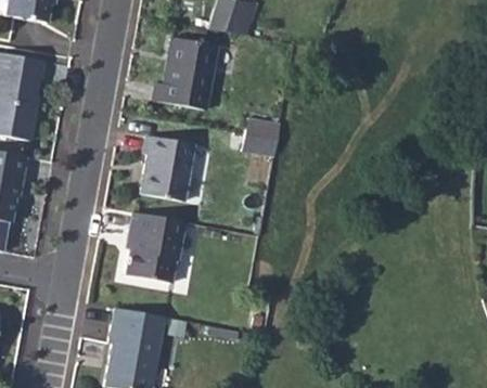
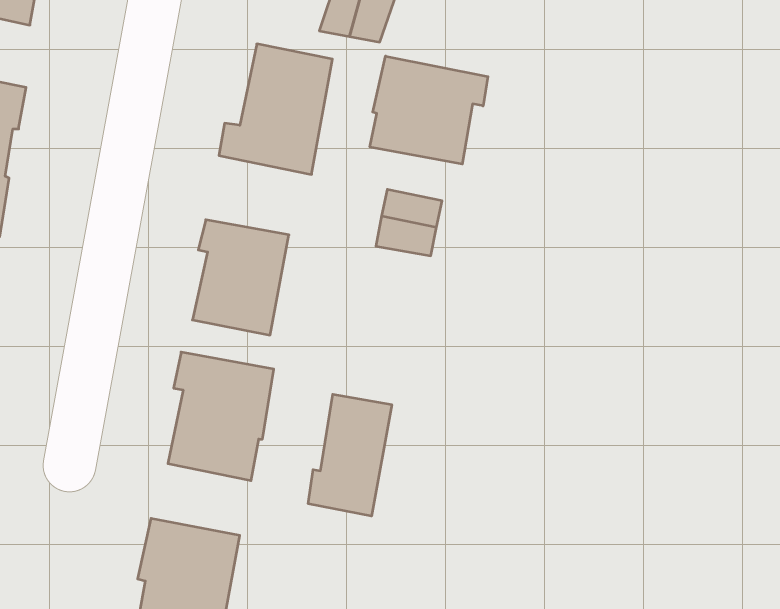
building: none -> [370,56,488,164]
building: none -> [308,394,392,516]

